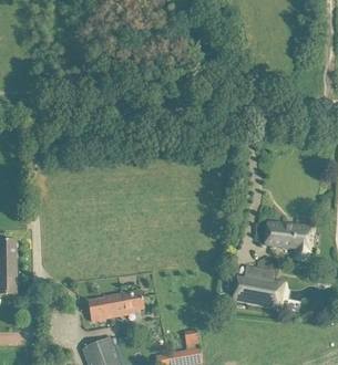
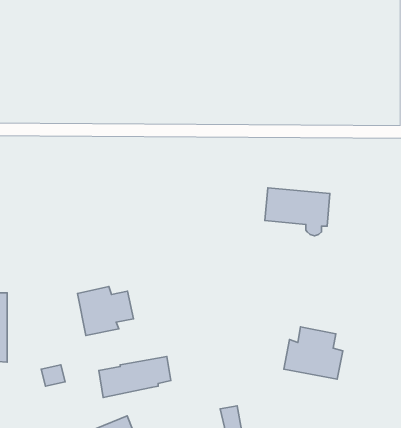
building: [264,219,315,257] -> [265,188,330,236]
building: none -> [77,287,133,336]

